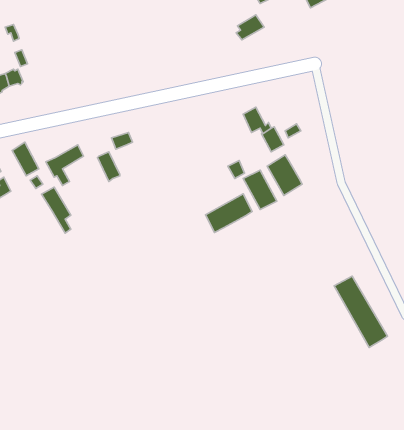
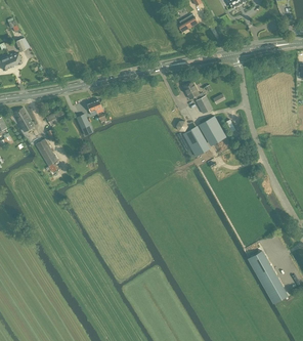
building: [205,194,252,233] -> none
building: [334,276,387,348] -> [248,251,287,303]

